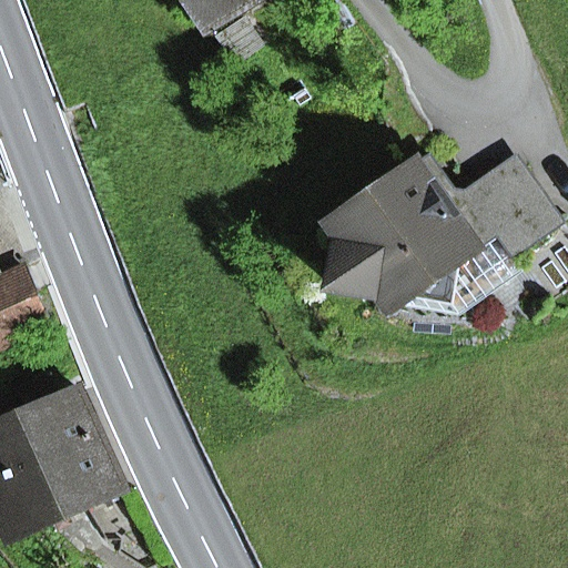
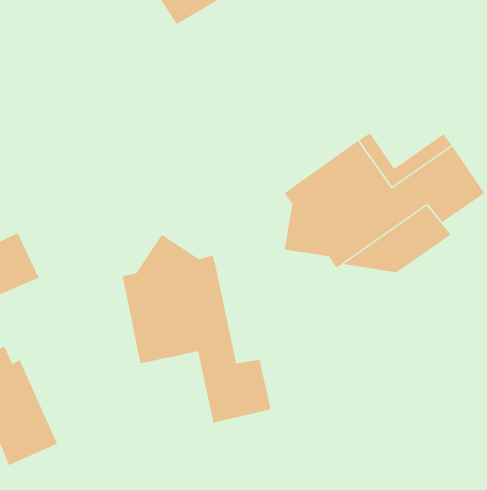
building: none -> [122,234,271,424]
building: [23,381,121,513] -> none

